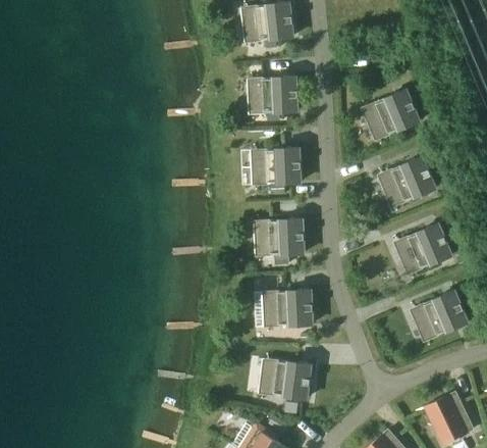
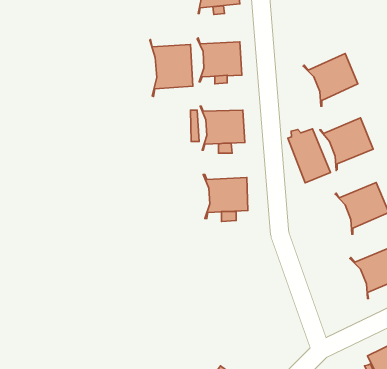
building: none -> [150,40,193,96]
building: none -> [288,129,331,183]
building: [263,287,309,333] -> none
building: [258,354,308,400] -> none

